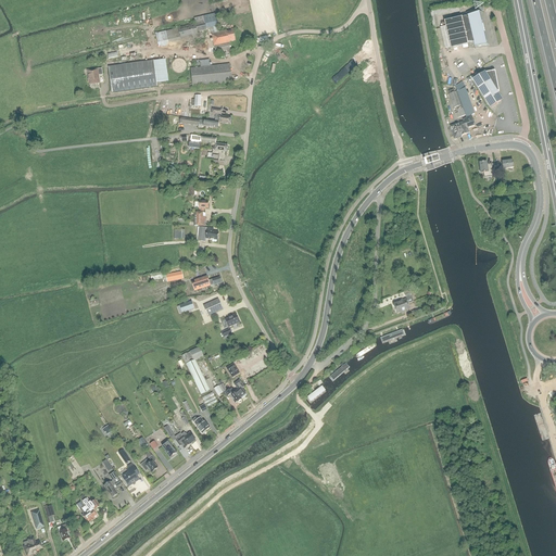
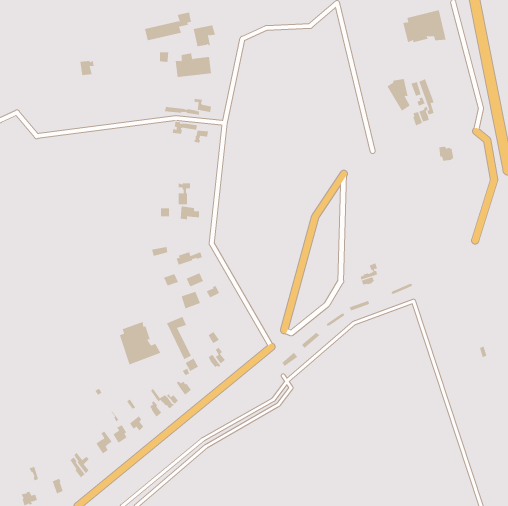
building: [109,59,157,91] -> none
building: [475,70,501,105] -> [387,79,410,111]
building: none -> [119,321,161,368]

